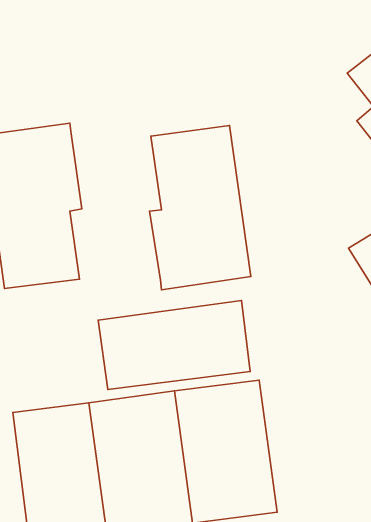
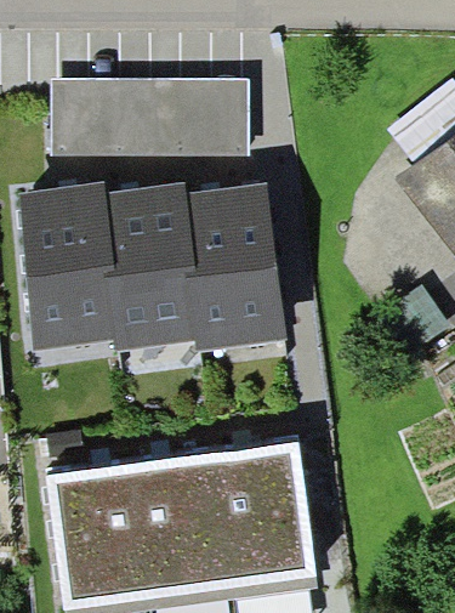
building: none -> [51,76,249,154]
building: none -> [104,181,198,352]
building: [98,301,250,390] -> none

